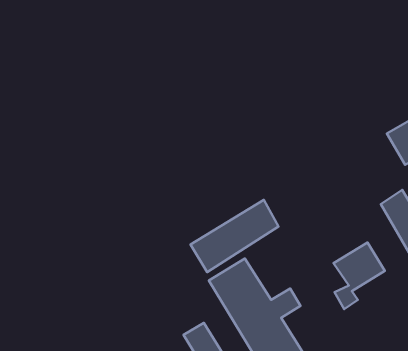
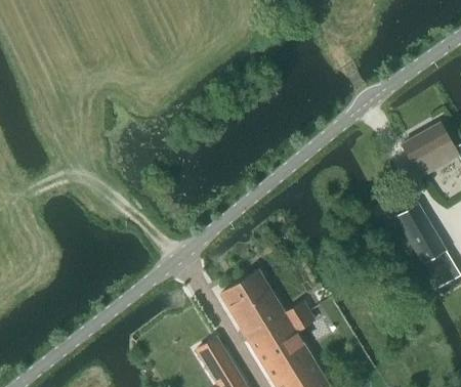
building: [190,200,279,272] -> none
building: [333,242,385,309] -> none

